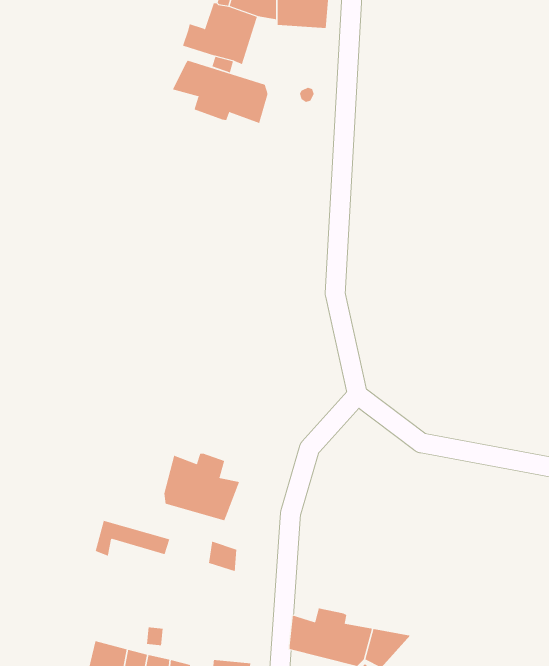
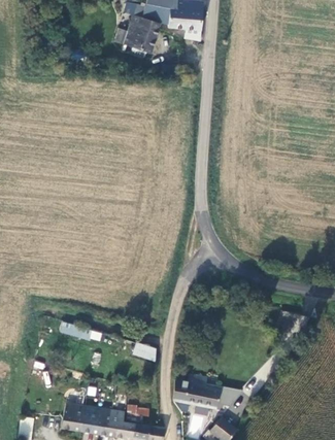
building: [172,60,268,124] -> none
building: [164,453,240,521] -> none

